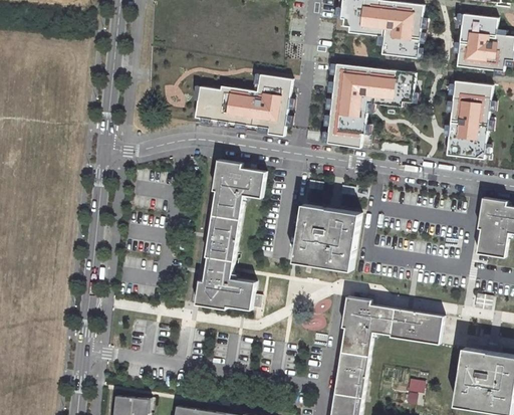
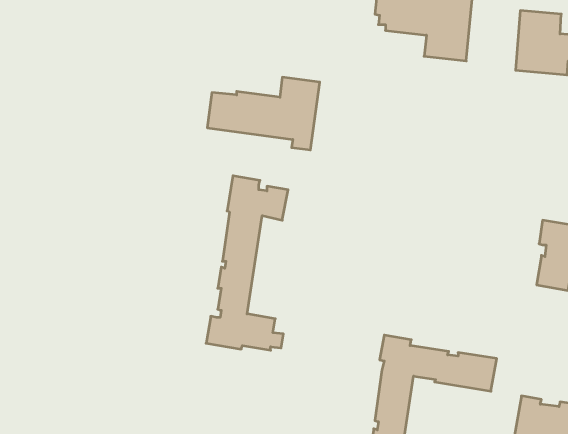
building: [326,64,414,148] -> none
building: [446,81,491,160] -> none
building: [293,204,359,269] -> none

